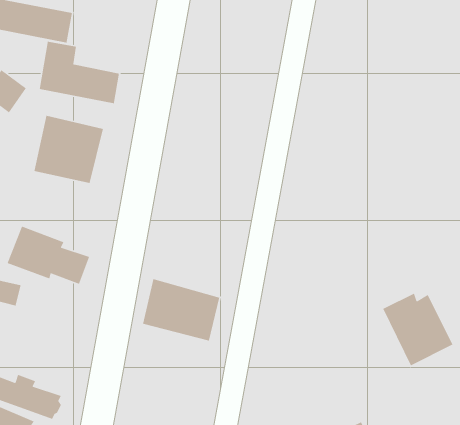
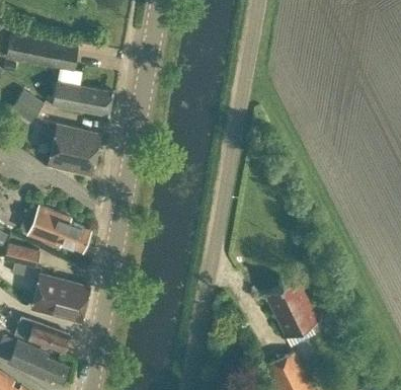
building: [142,278,220,342] -> [31,275,90,322]
building: [382,292,454,367] -> [265,283,319,338]

